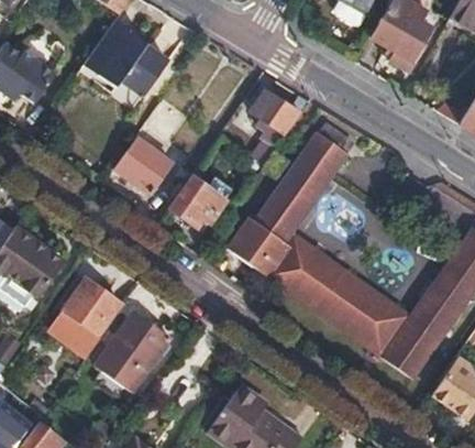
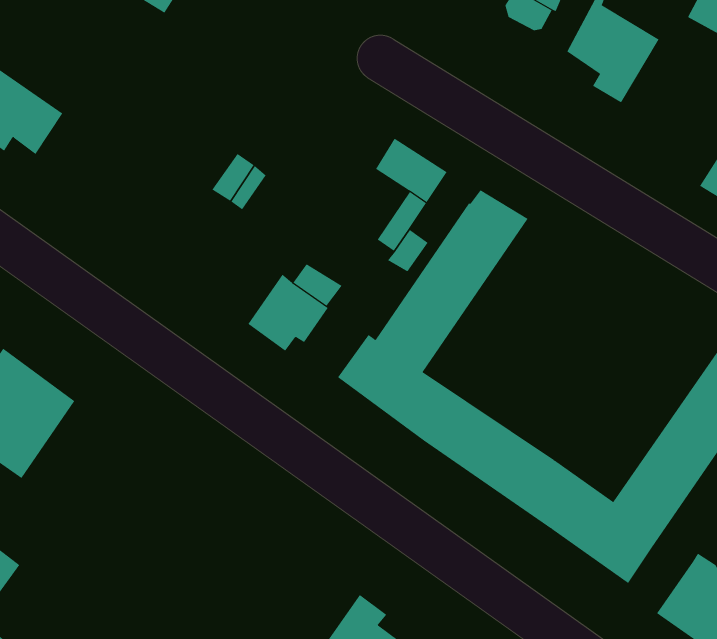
building: [84,19,168,95] -> none
building: [114,138,170,192] -> none
building: [54,280,121,352] -> none
building: [93,310,172,391] -> none

